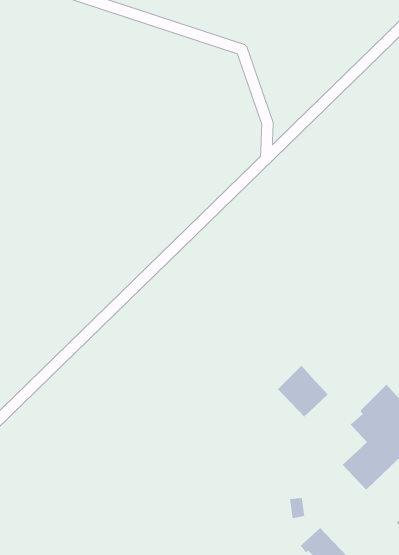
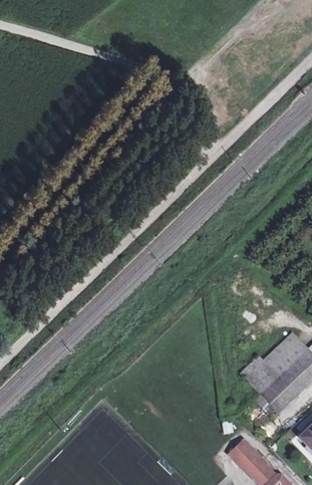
building: [277,365,328,417] -> [240,354,278,394]

